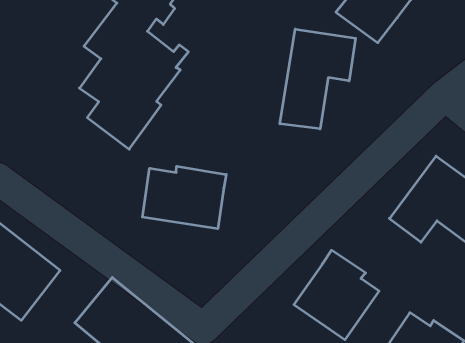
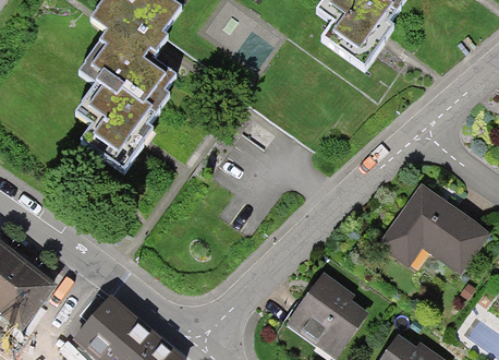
building: [280,29,356,129] -> none
building: [142,166,226,229] -> none

